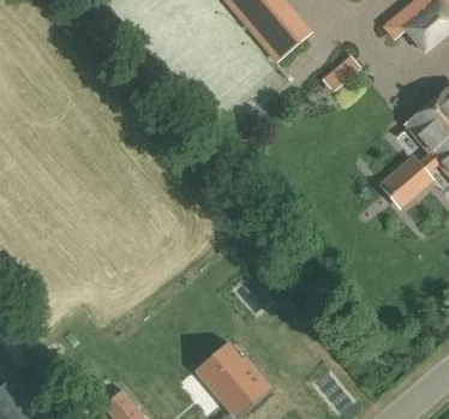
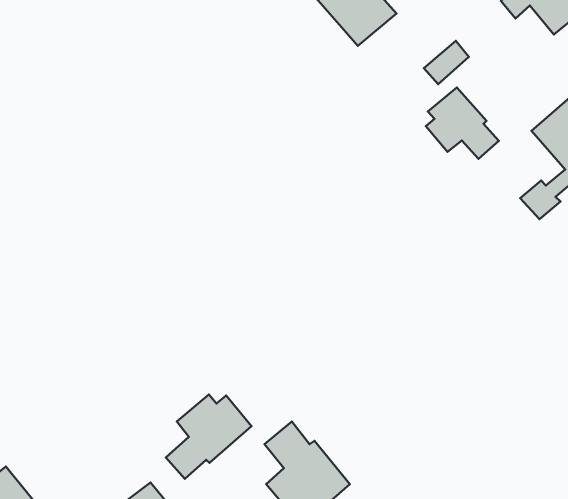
building: none -> [426,87,499,159]
building: none -> [166,394,251,479]

